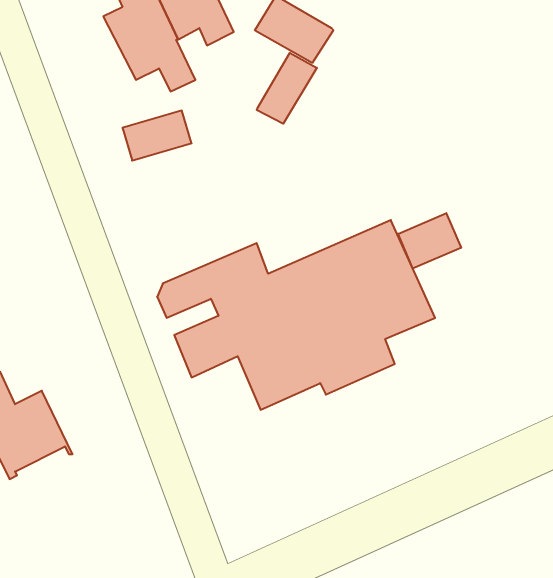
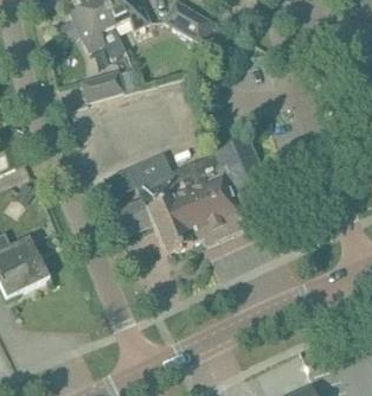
building: [257,53,317,124] -> none
building: [398,213,461,269] -> none

